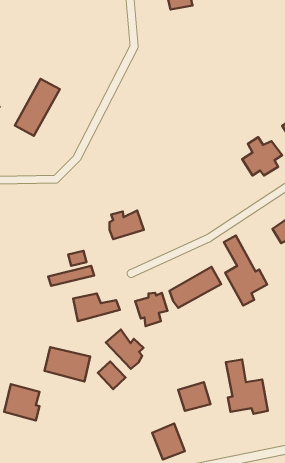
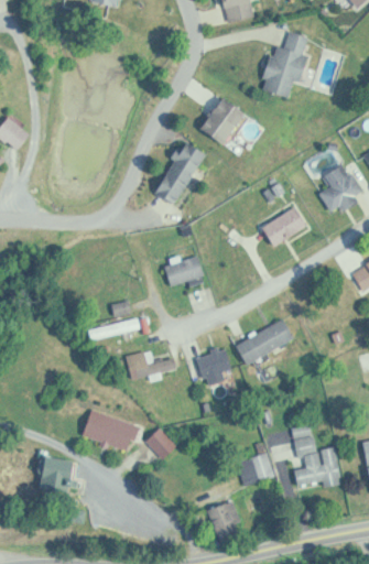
building: none -> [263,32,311,98]
building: none -> [202,97,249,147]
building: [15,79,60,136] -> [155,141,207,207]
building: none -> [256,208,302,249]
building: [224,235,267,306] -> none
building: [106,329,144,369] -> none

